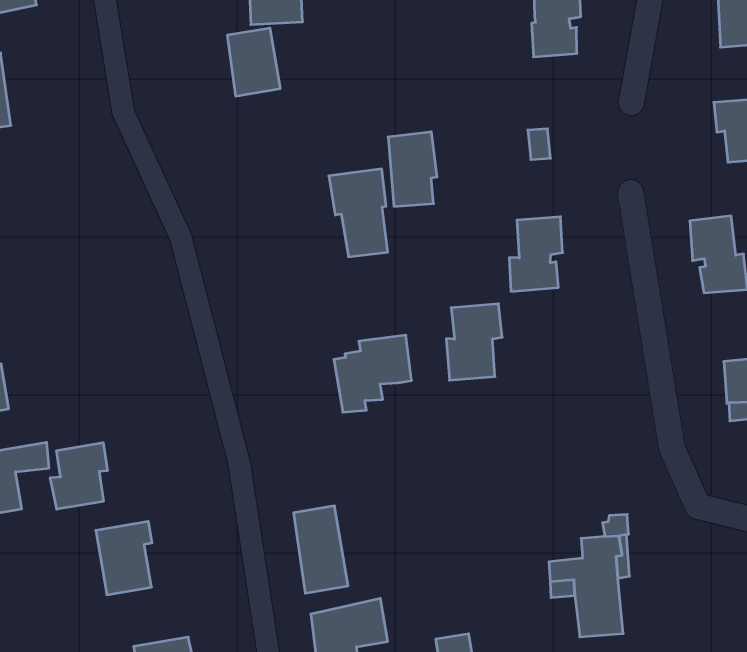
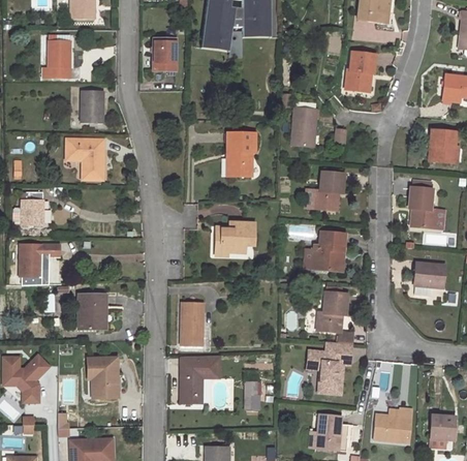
building: [227,28,280,96] -> [152,38,176,70]
building: [388,132,437,206] -> [290,109,316,147]
building: none -> [81,91,102,123]
building: none -> [67,139,103,181]
building: [446,304,502,380] -> [312,232,344,271]
building: [50,443,107,509] -> none
building: none -> [316,293,347,332]

